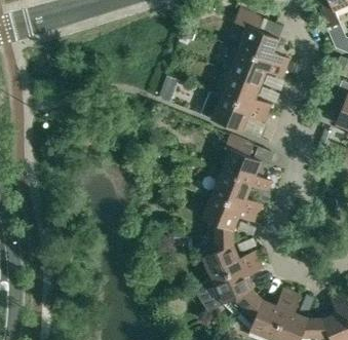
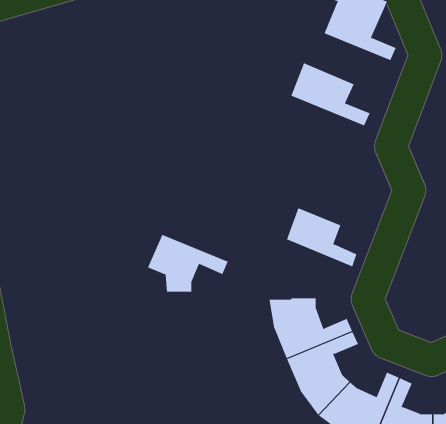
building: [225,47,286,85] -> none
building: [211,96,268,131] -> none
building: [221,136,272,192] -> none
building: [202,195,260,236] -> [147,234,229,292]

